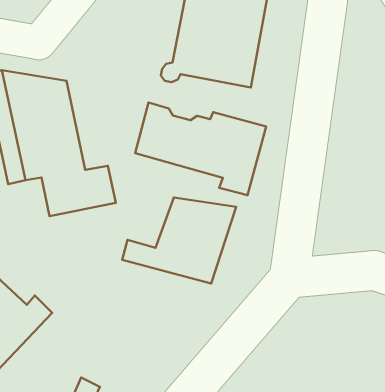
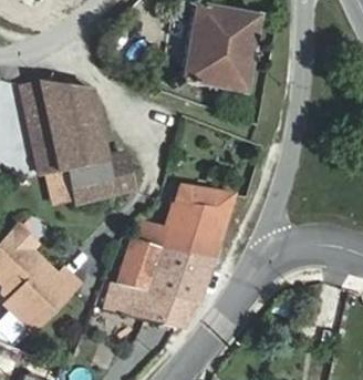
building: [135,103,266,195] -> none
building: none -> [107,236,214,328]

